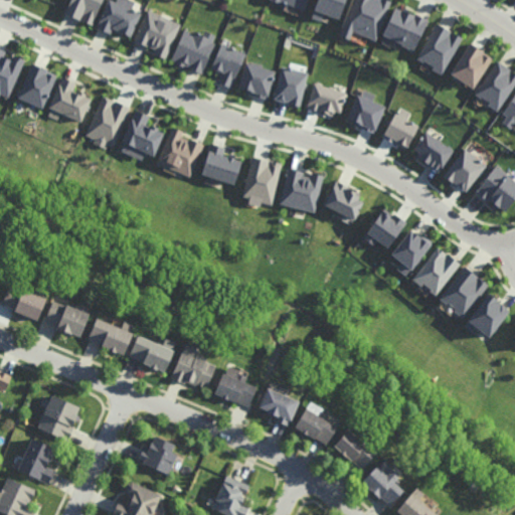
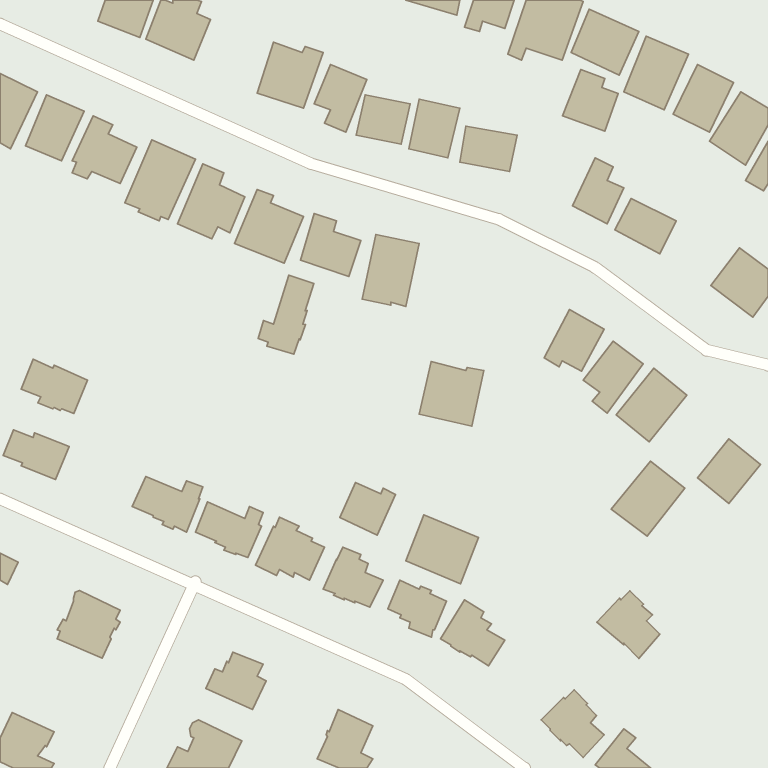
building: [134,10,180,59] -> none
building: [347,90,384,131] -> [563,69,618,131]
building: [443,149,486,192] -> none
building: [280,169,323,212] -> [419,362,484,426]
building: [324,181,364,219] -> none
building: none -> [258,275,314,354]
building: [439,267,488,317] -> [611,461,685,536]
building: [45,301,90,337] -> [21,359,87,413]
building: none -> [340,482,395,535]
building: none -> [406,515,478,584]
building: [334,425,376,471] -> [597,591,660,658]
building: [18,439,56,484] -> none

